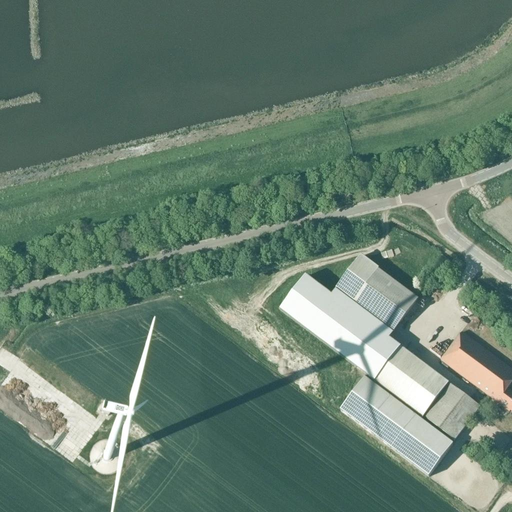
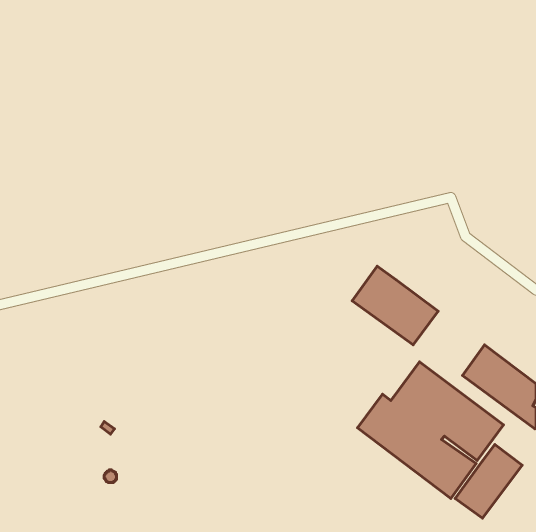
building: [280,273,399,378] -> none
building: none -> [455,445,522,518]

